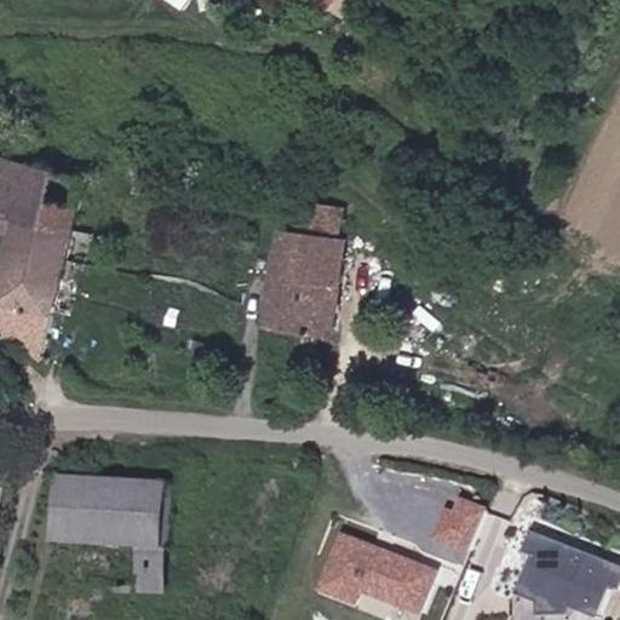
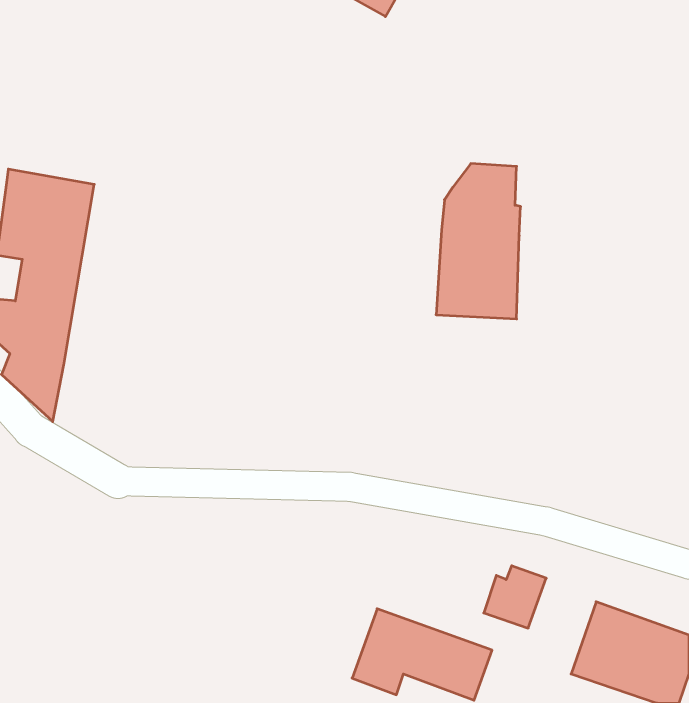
building: [265,195,339,331] -> [436,164,521,319]
building: [48,481,166,563] -> none

